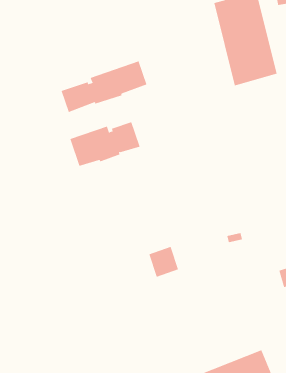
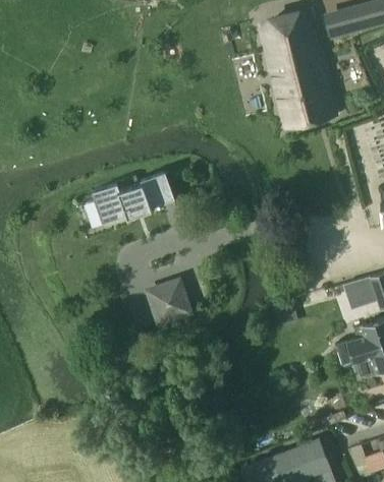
building: [61,61,147,113] -> none
building: [149,246,179,277] -> [150,283,185,319]

